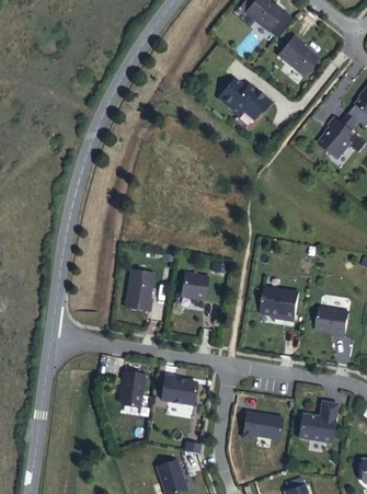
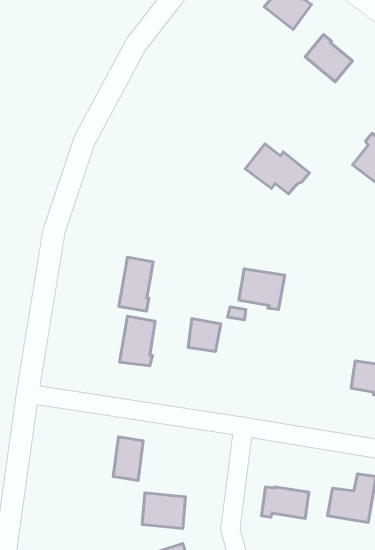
building: [218,78,272,119] -> [245,144,309,194]
building: none -> [119,257,153,311]
building: [262,287,300,321] -> [239,269,285,309]
building: [158,375,194,404] -> [142,493,185,528]

